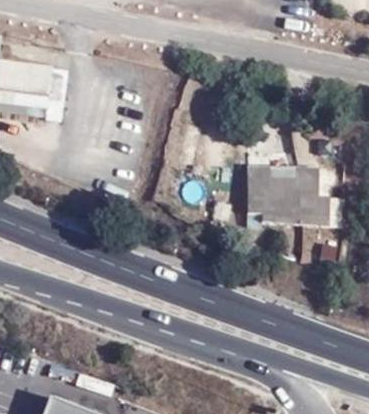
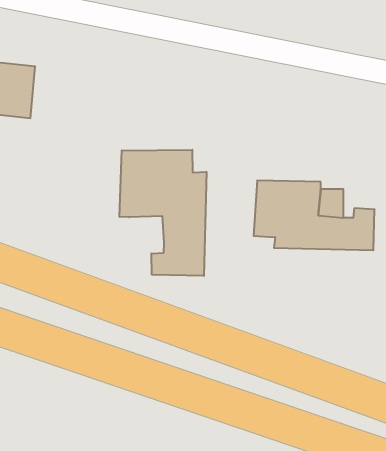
building: none -> [120,150,206,276]

